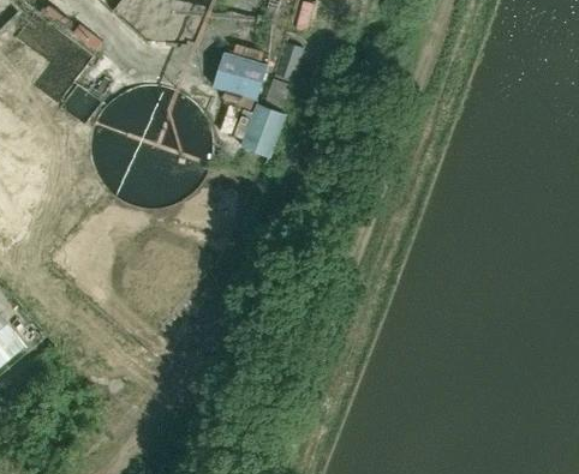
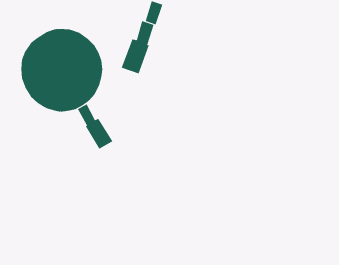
building: [211,55,265,102] -> none
building: none -> [77,104,113,150]

